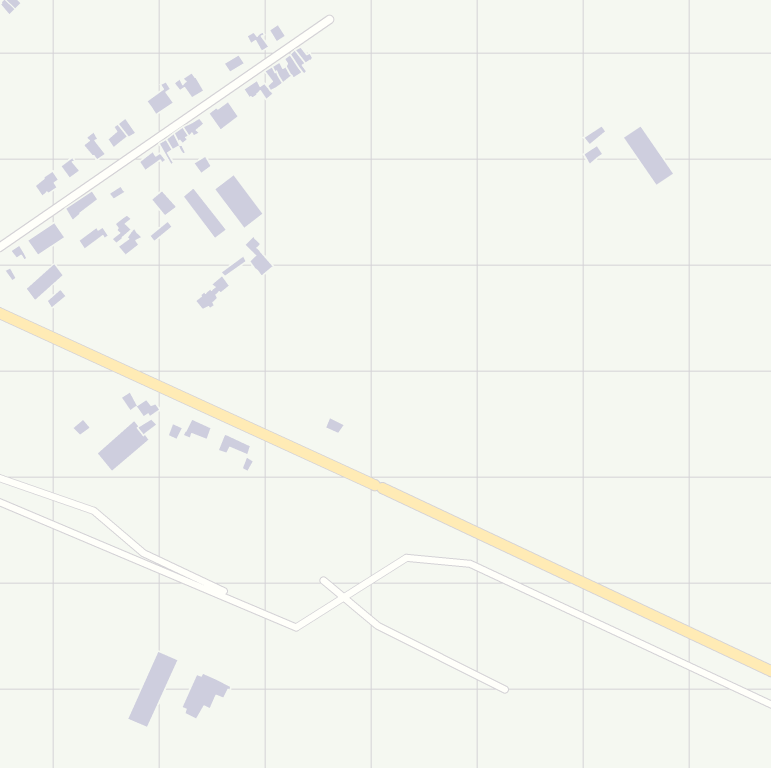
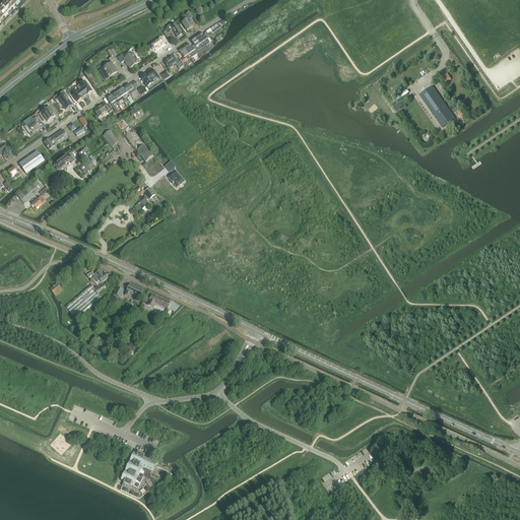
building: [214,174,263,229] -> none
building: [127,651,178,728] -> none

